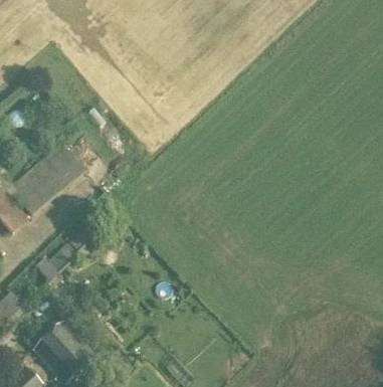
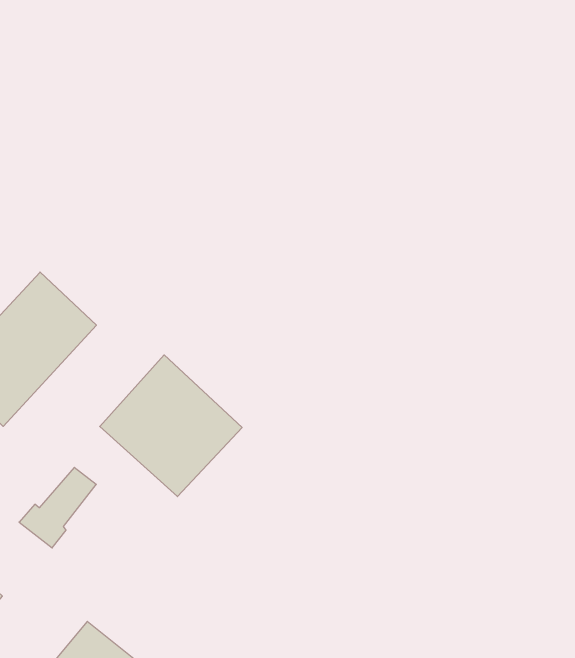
building: none -> [100,355,242,497]

